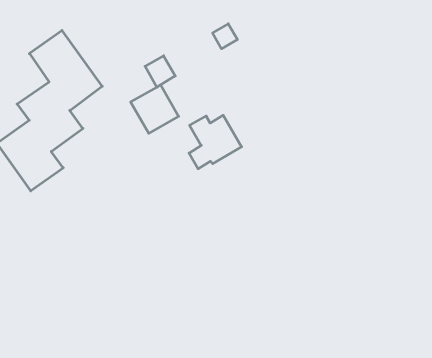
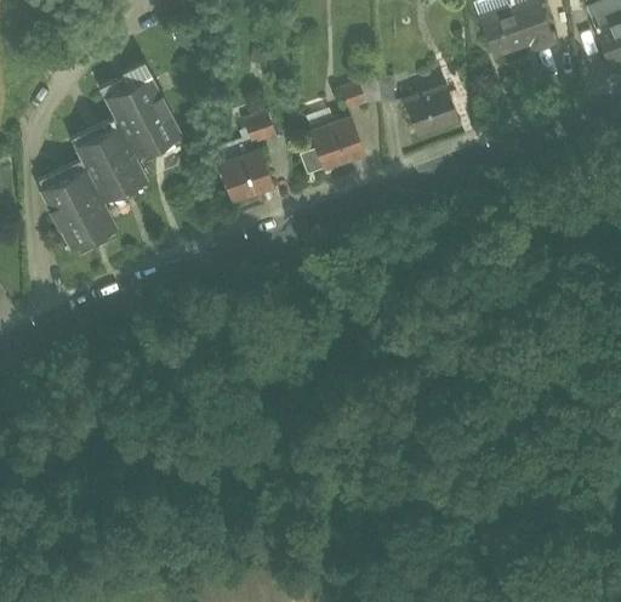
building: none -> [400,78,457,137]
building: [189,115,242,169] -> [298,109,366,175]

